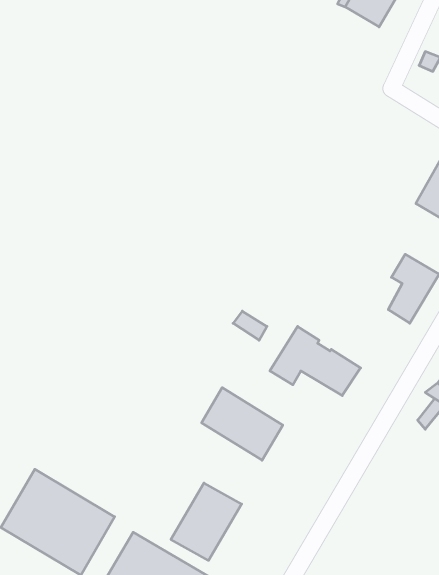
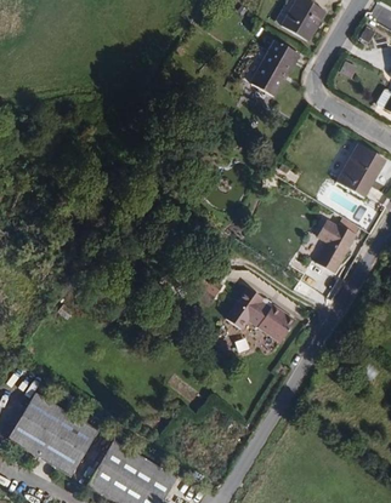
building: none -> [251,41,299,97]
building: [202,388,283,460] -> none
building: [171,483,242,560] -> none

